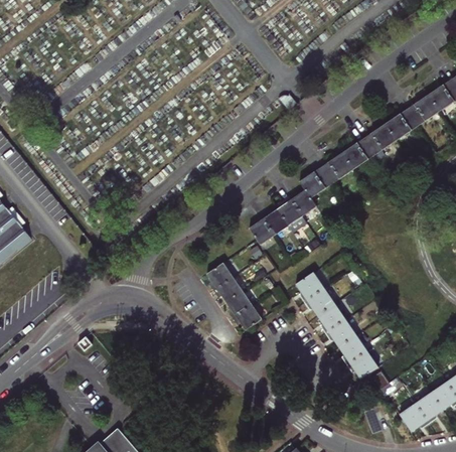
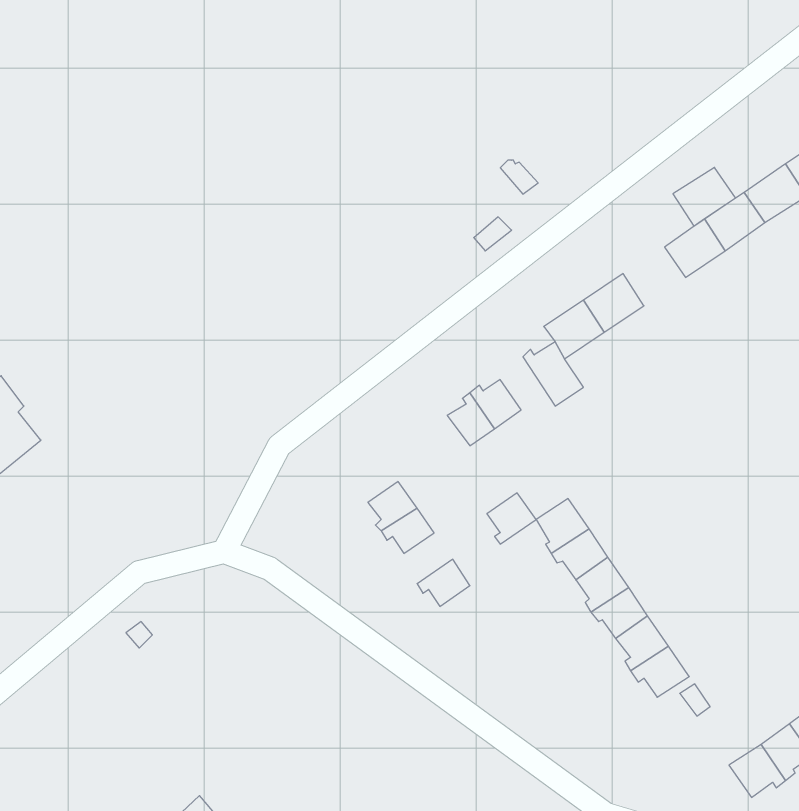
building: [342,138,375,169] -> [673,167,735,226]
building: [277,196,306,232] -> none
building: [225,290,252,317] -> [487,493,536,544]

